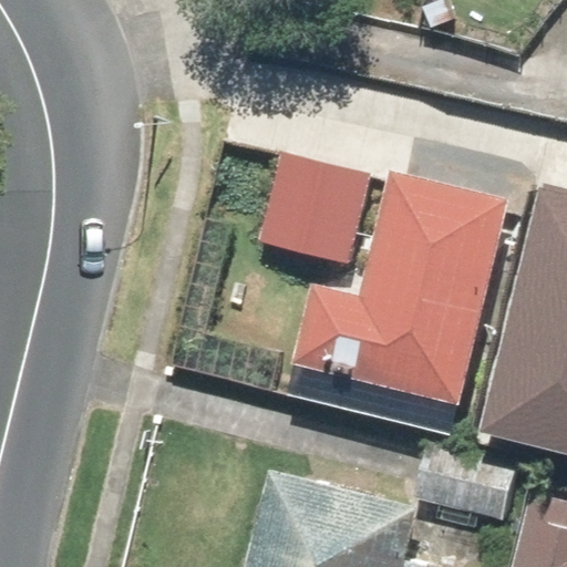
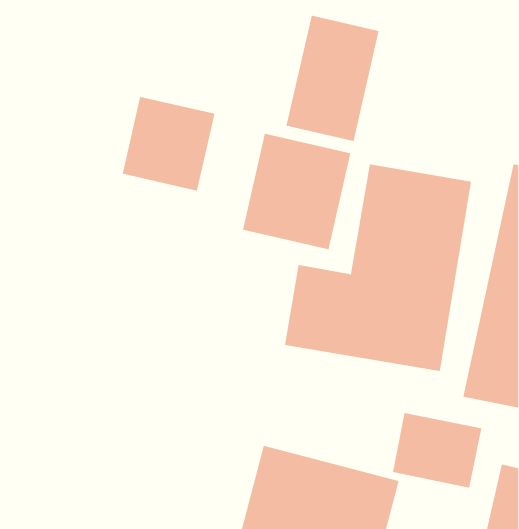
building: none -> [286,15,379,142]
building: none -> [122,96,215,191]

